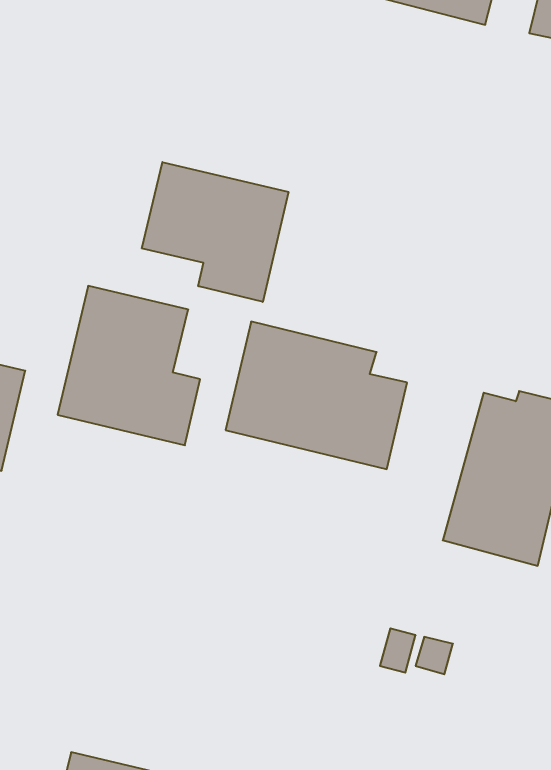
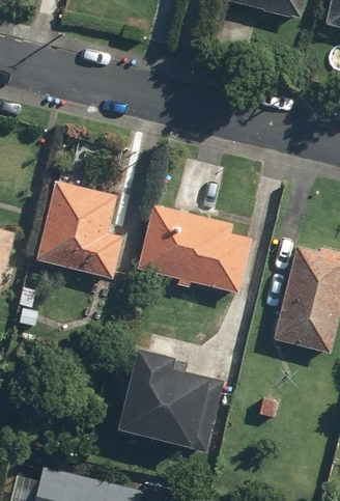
building: [142,162,288,302] -> none
building: none -> [116,350,207,460]

